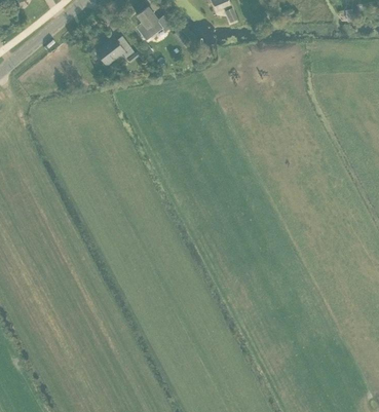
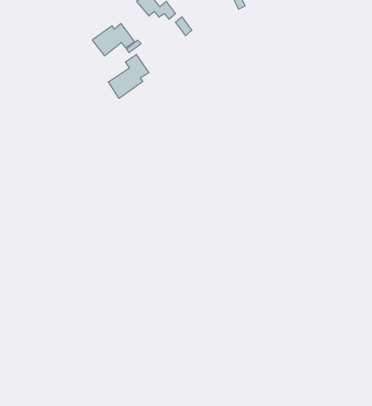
building: none -> [108,54,149,98]

